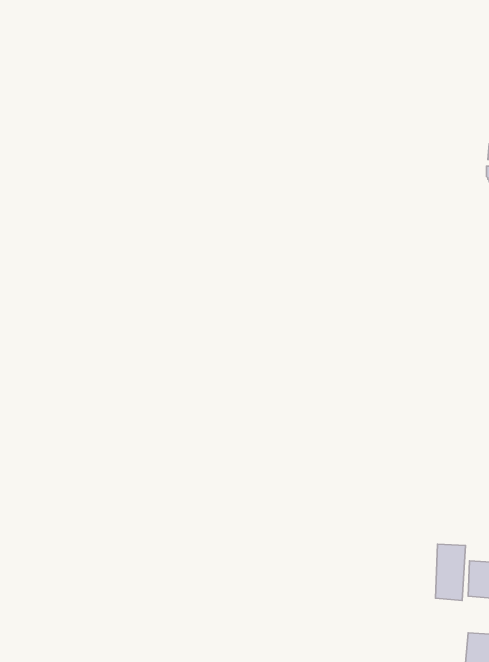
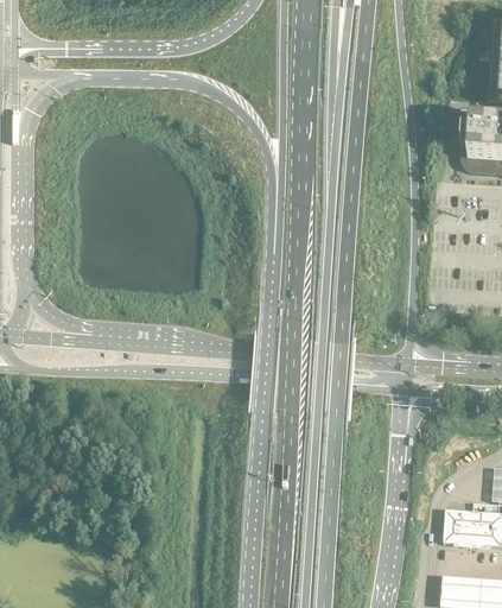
building: [435,544,466,601] -> none

